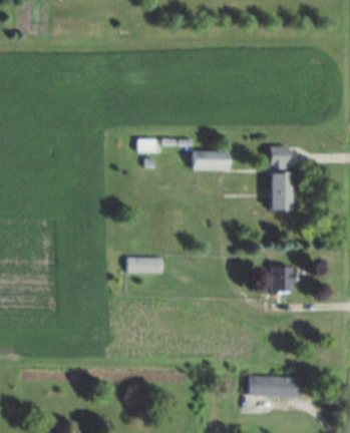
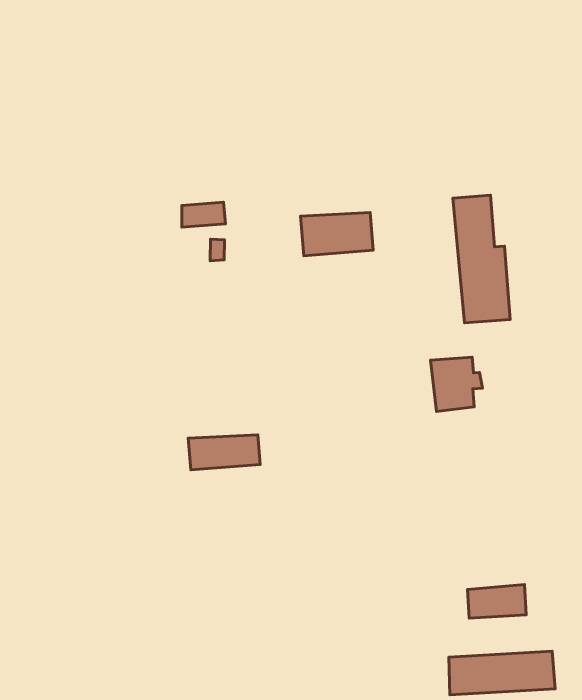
building: [271,267,296,293] -> [431,357,483,412]
building: none -> [468,585,526,618]

